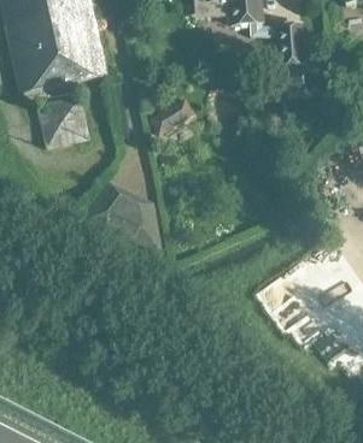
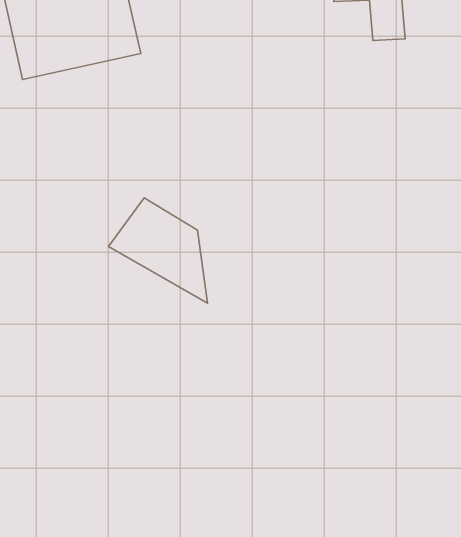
building: [36,94,90,147] -> none
building: [148,99,192,135] -> none

